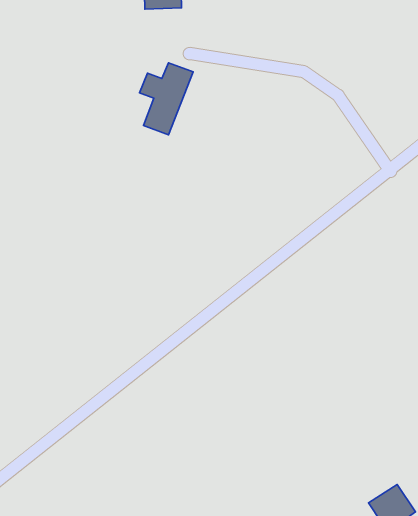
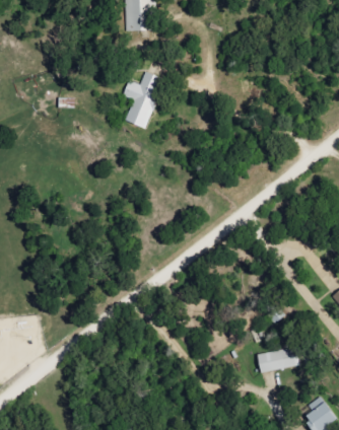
building: none -> [256,347,299,373]

